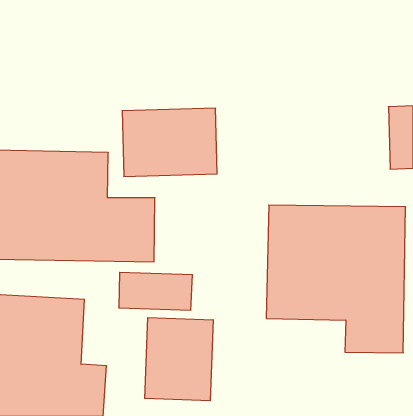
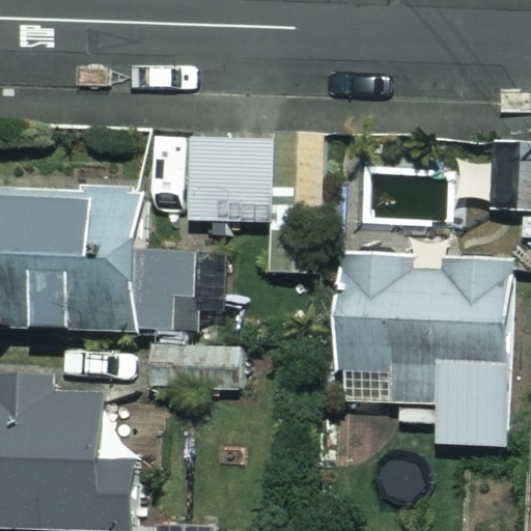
building: [145,318,213,401] -> none

